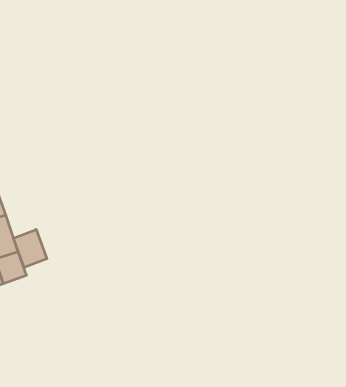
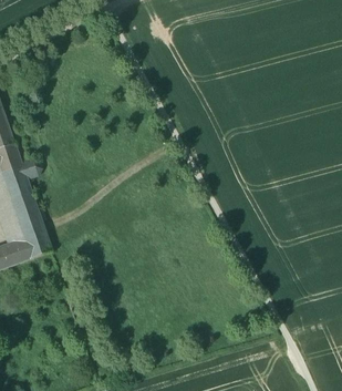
building: [13,229,47,267] -> none

